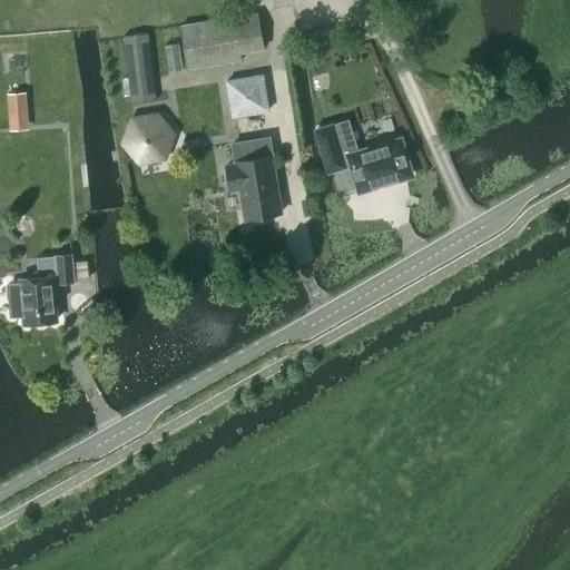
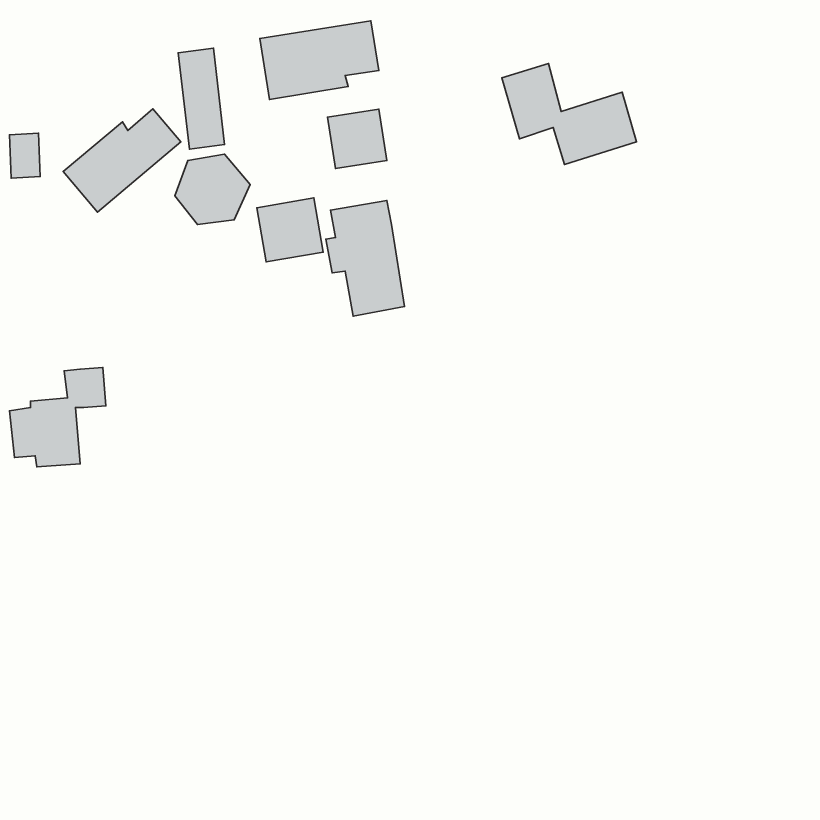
building: none -> [63,109,181,212]
building: [316,120,410,190] -> [502,63,637,164]
building: none -> [257,198,323,262]

